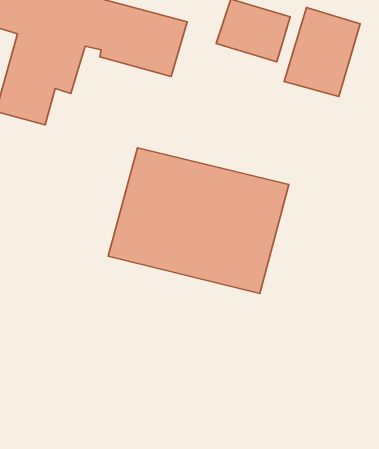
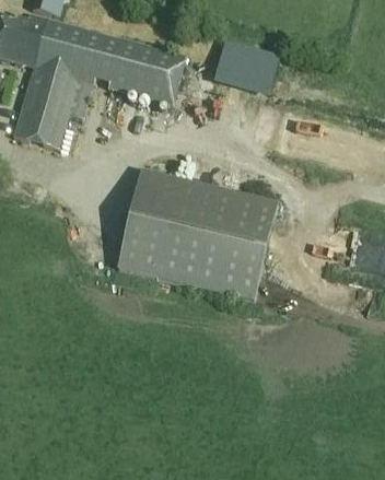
building: [284,8,360,97] -> none

